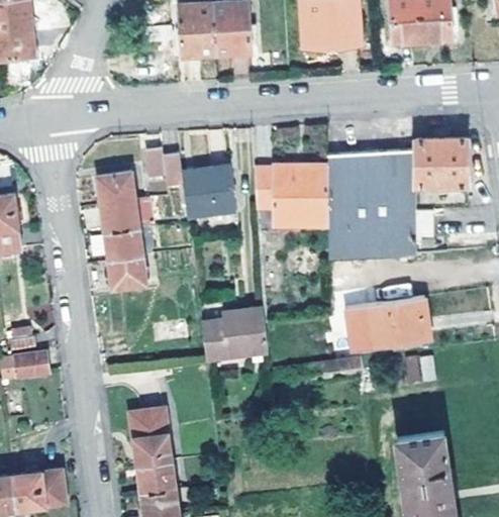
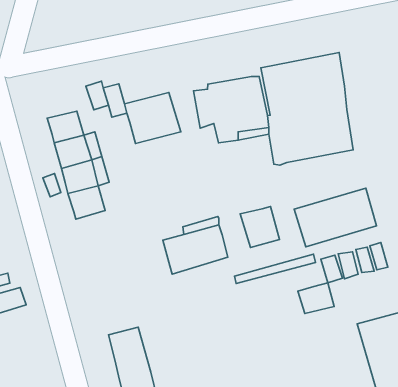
building: [416,138,472,185] -> none
building: none -> [240,206,279,247]
building: none -> [298,283,334,313]

